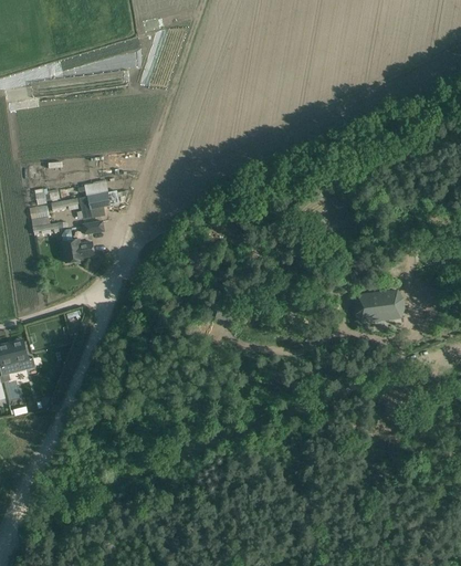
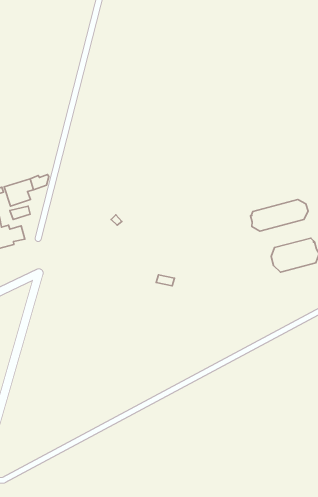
building: none -> [251,199,308,231]

